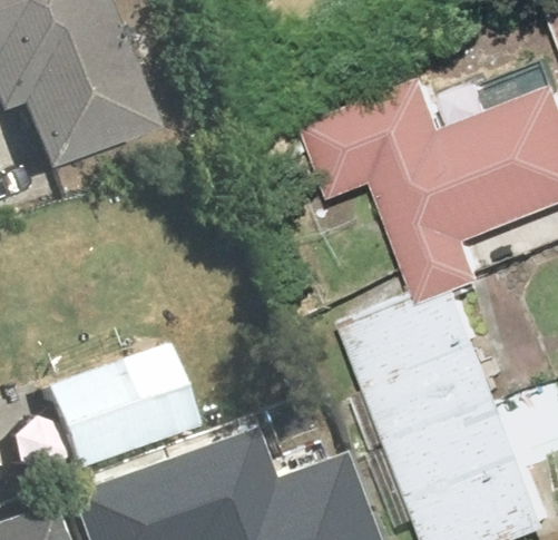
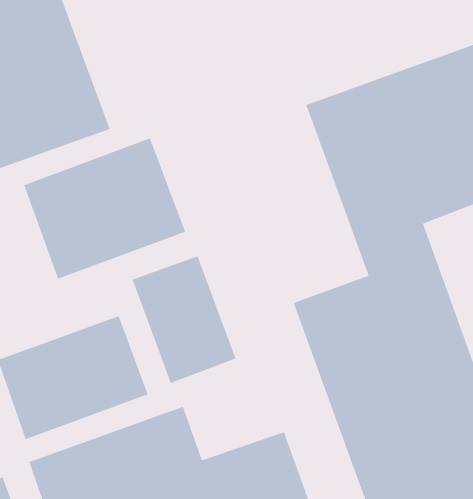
building: none -> [23,137,186,279]
building: none -> [132,255,236,384]

